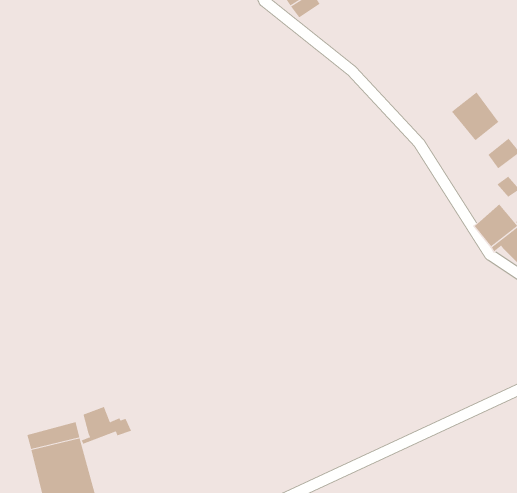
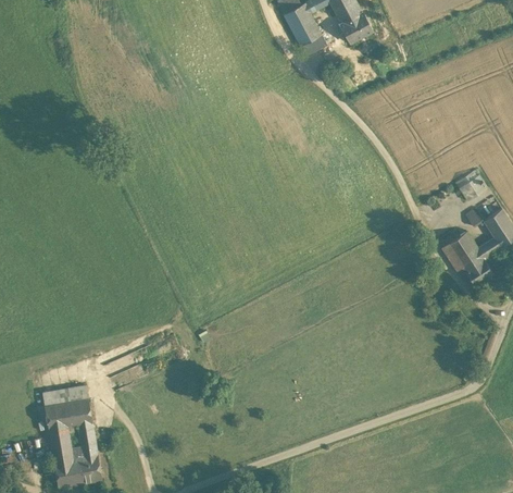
building: [451,92,499,141] -> none
building: [81,406,134,445] -> none

